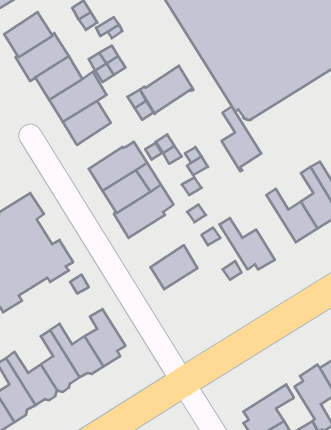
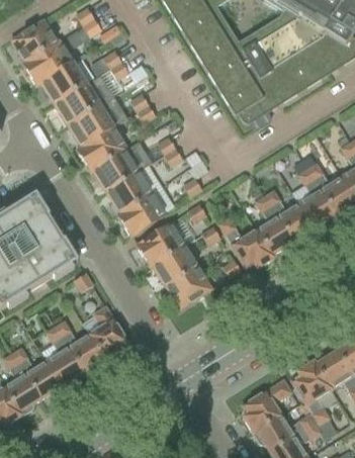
building: [140,66,193,114] -> [77,125,128,172]
building: [222,106,261,171] -> [255,195,293,258]
building: none -> [137,221,185,267]
building: none -> [166,266,212,308]

